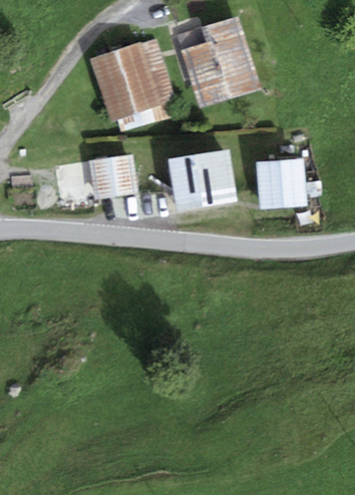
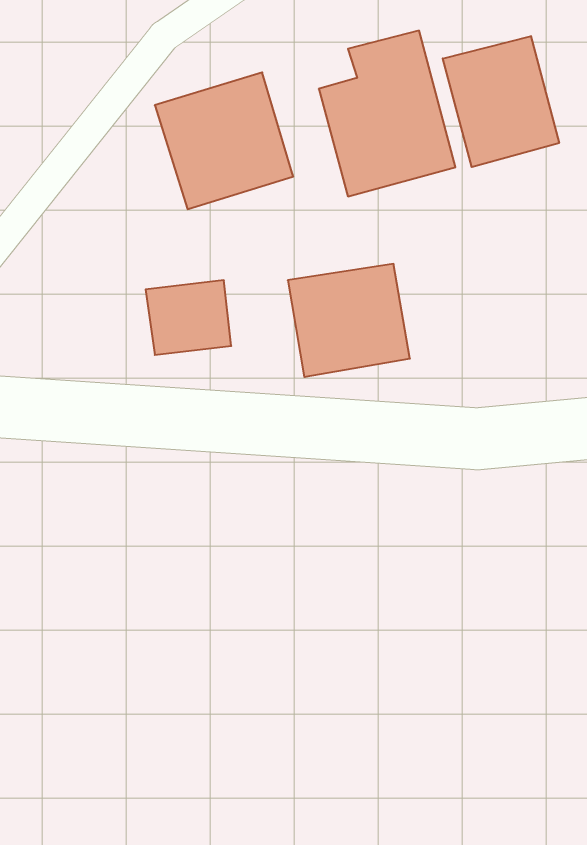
building: none -> [443,36,559,167]
building: [260,159,304,201] -> none

